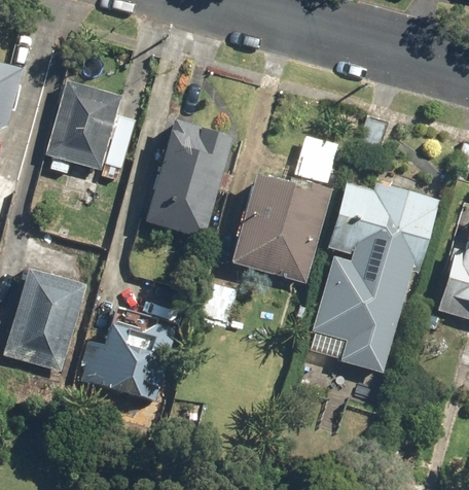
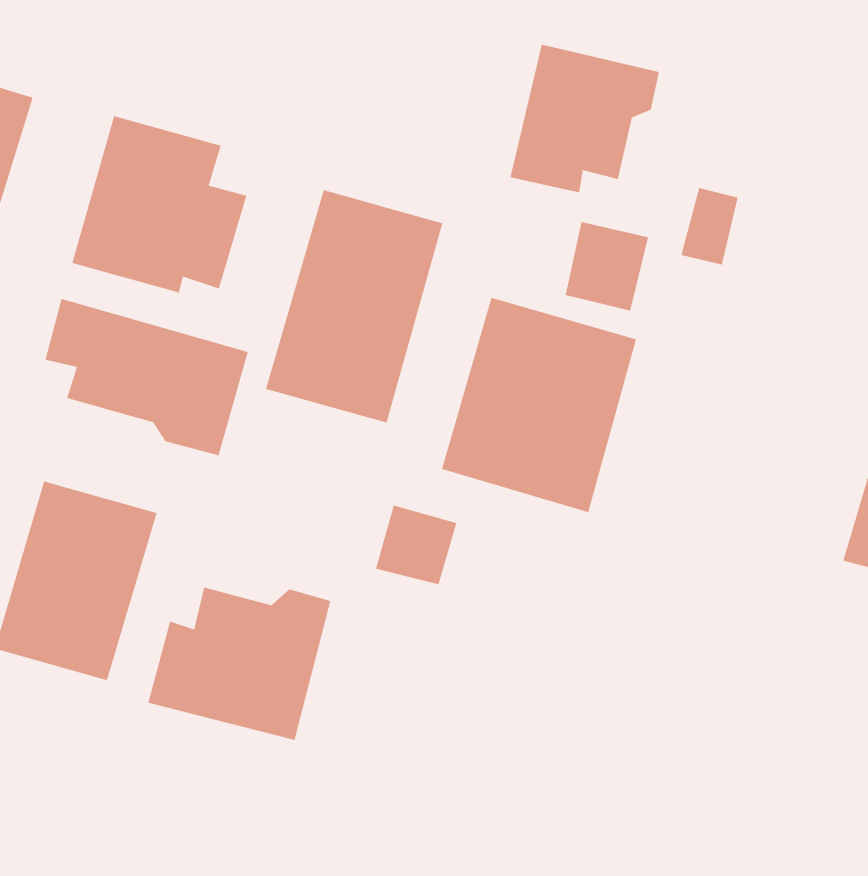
building: none -> [510,44,659,193]
building: none -> [45,298,249,456]
building: [311,181,437,366] -> none

